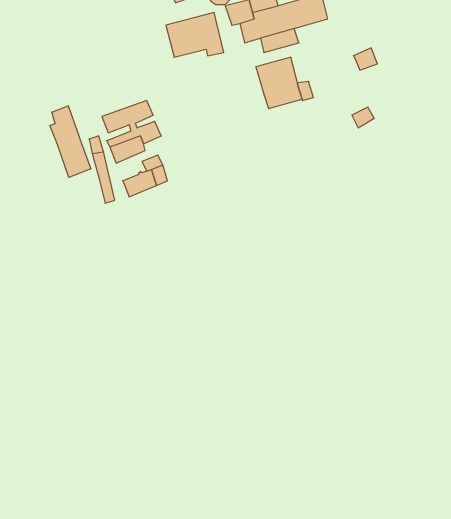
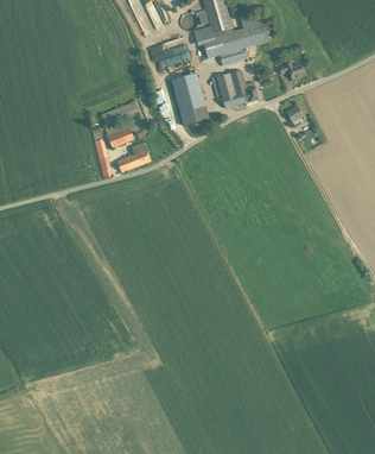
building: none -> [171,71,208,125]
building: [50,106,91,177] -> none

